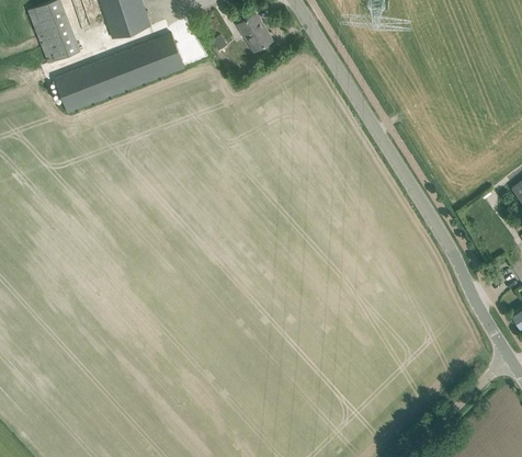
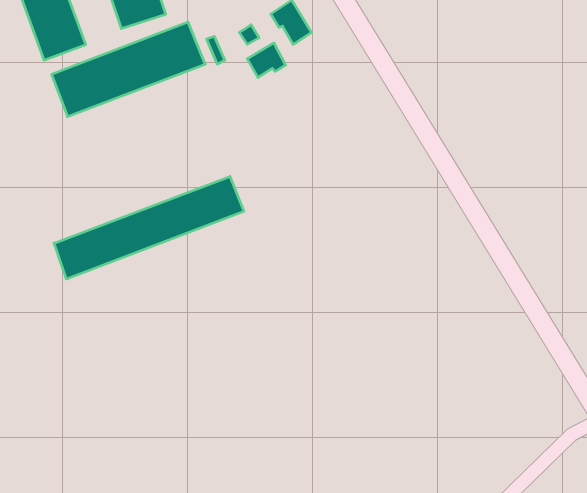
building: none -> [247,43,286,78]
building: none -> [54,176,244,279]

